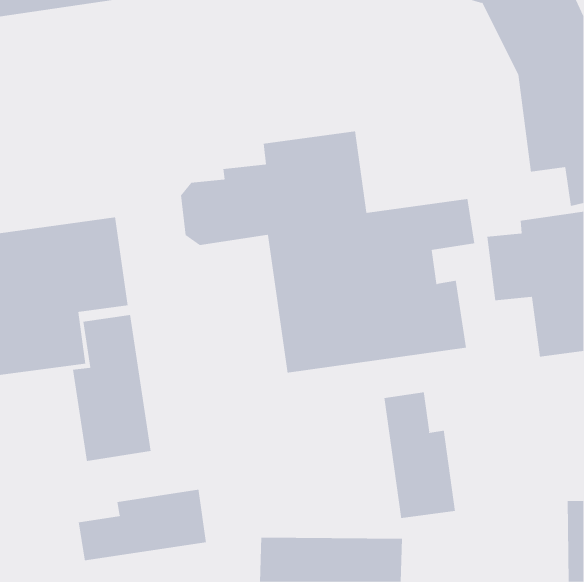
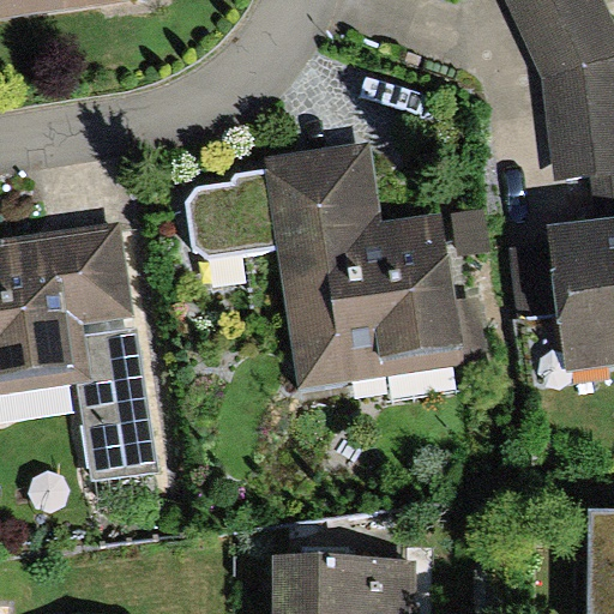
building: [384,391,456,519] -> none
building: [78,489,207,561] -> none

